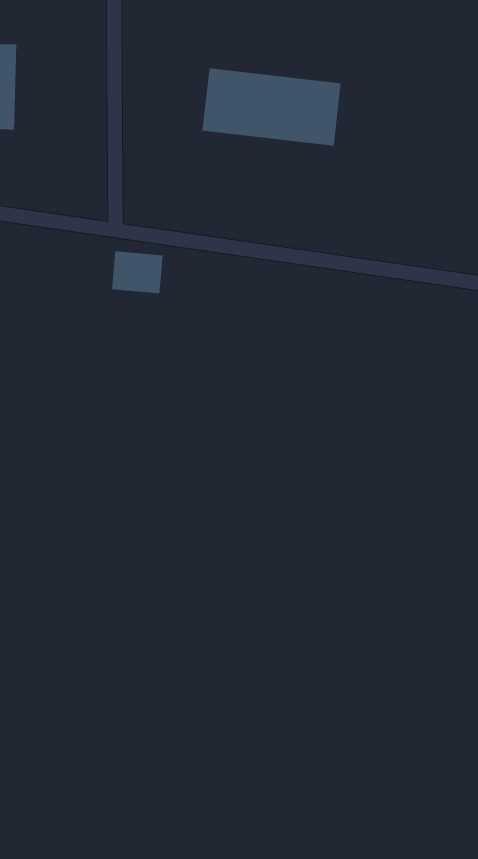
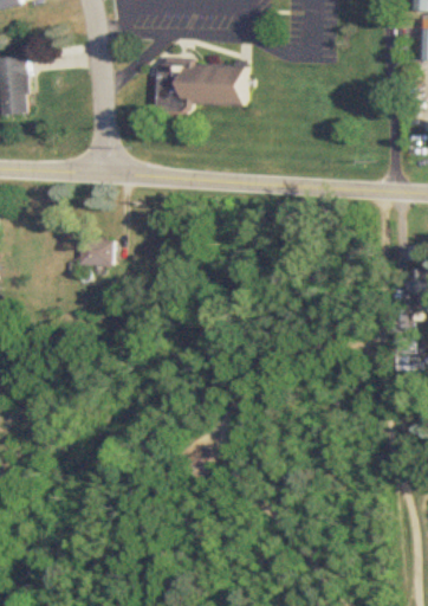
building: [111,251,164,294] -> [79,241,112,267]

